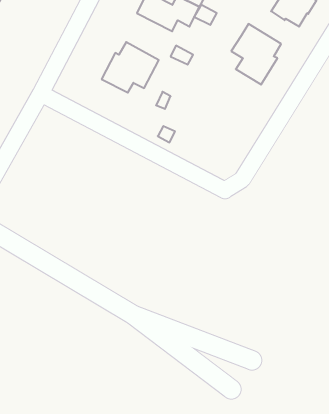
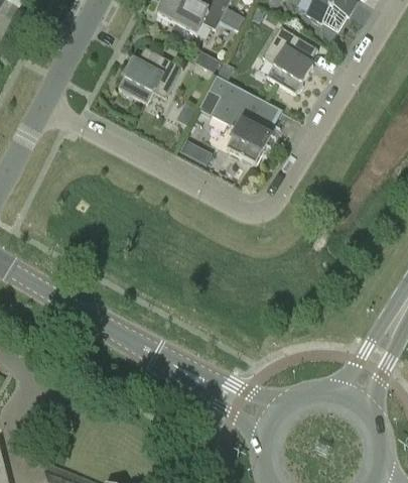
building: none -> [198,77,281,166]

